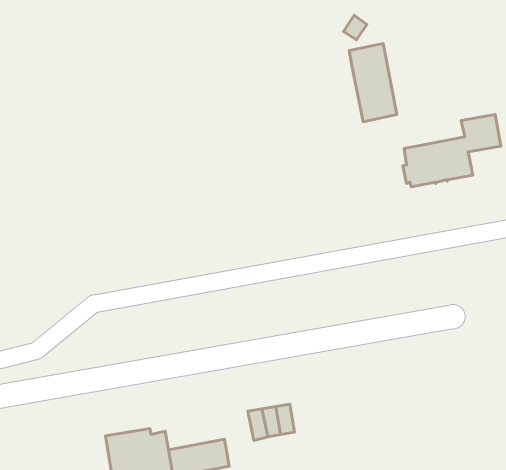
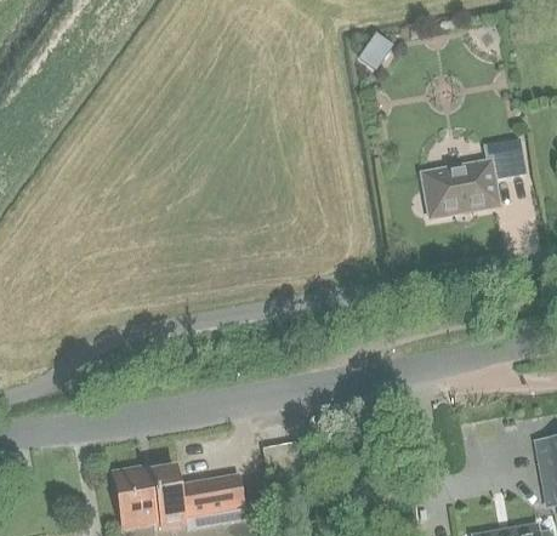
building: [349,43,397,122] -> none

